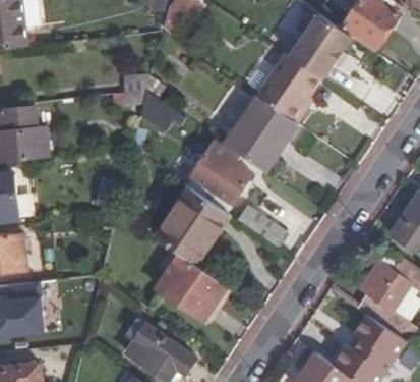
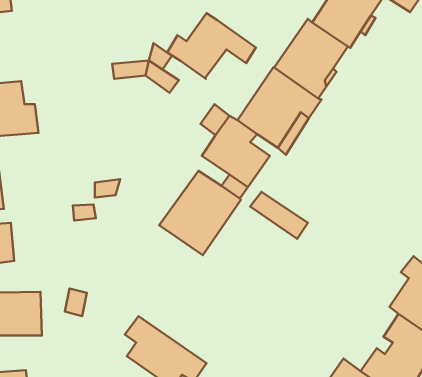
building: none -> [167,13,256,79]
building: [156,252,227,318] -> none

